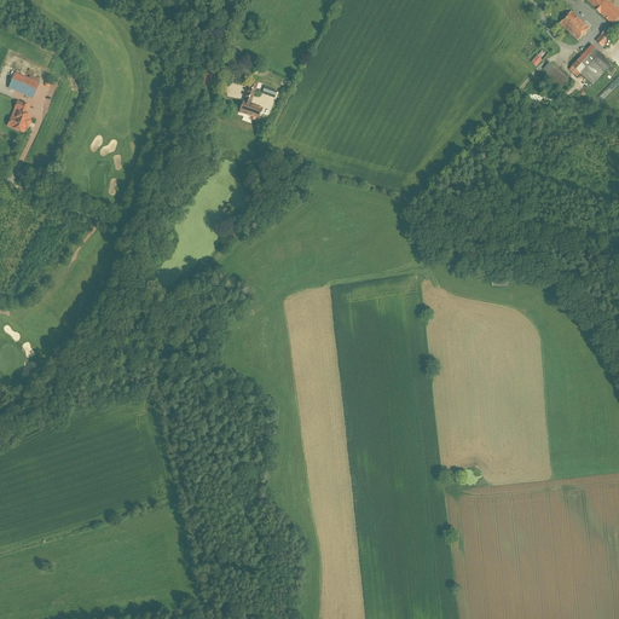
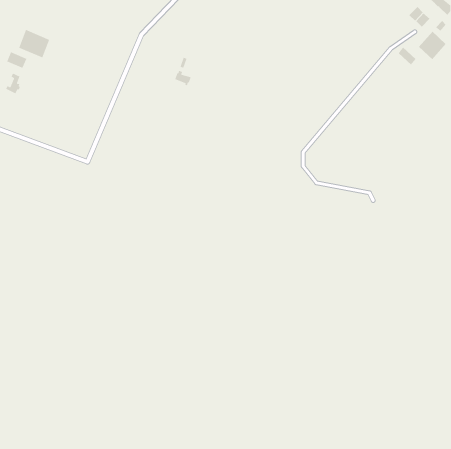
building: none -> [18,29,50,59]

